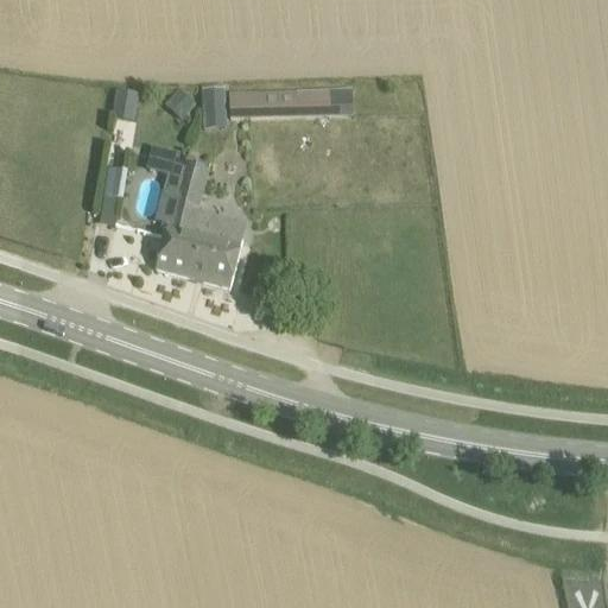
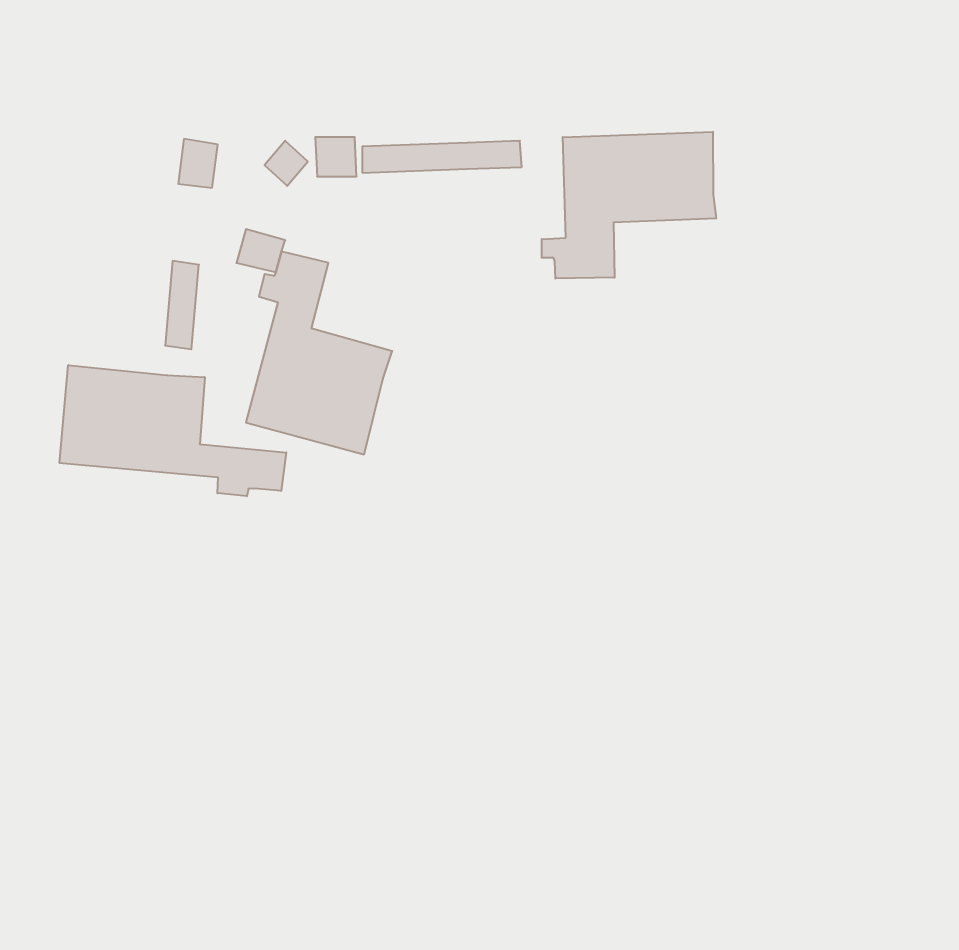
building: none -> [542,132,716,279]
building: none -> [60,365,286,496]

